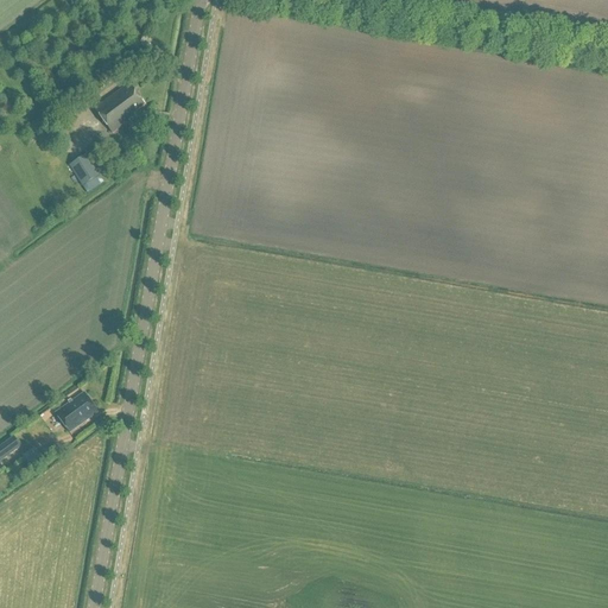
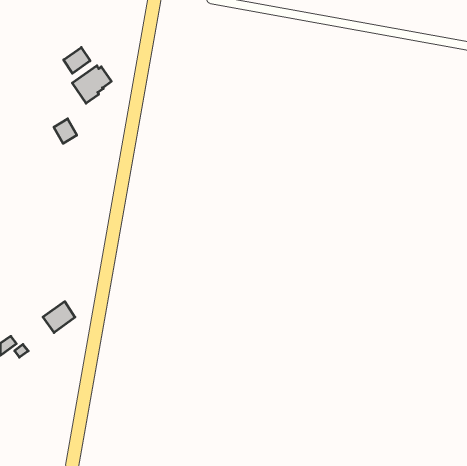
building: none -> [64,47,90,73]

